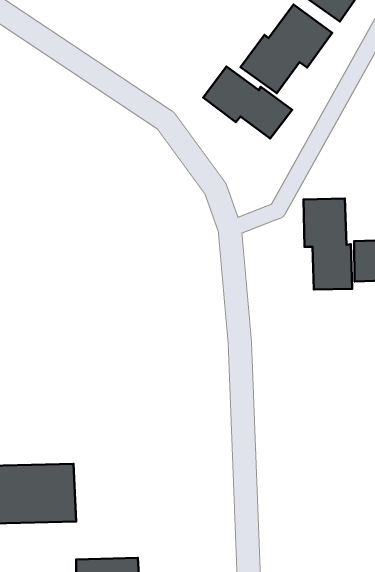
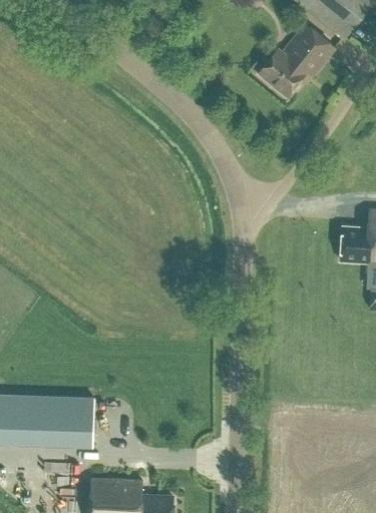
building: [203,66,292,138] -> none
building: [304,198,352,289] -> none

